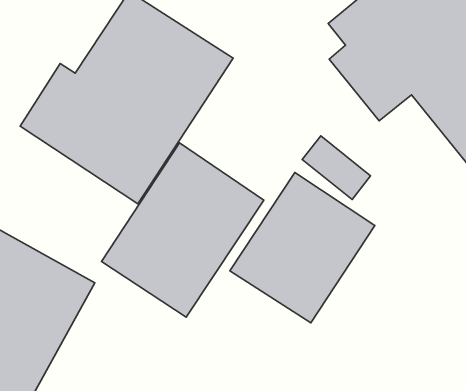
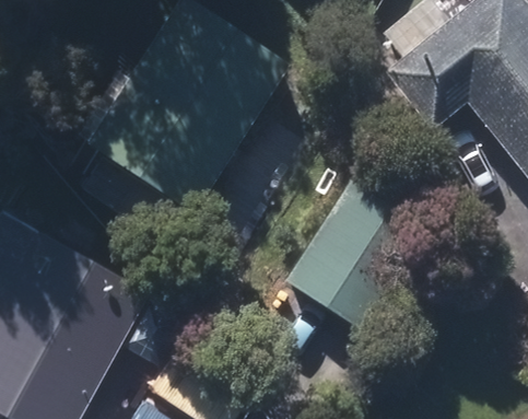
building: [101,143,264,317] -> none

